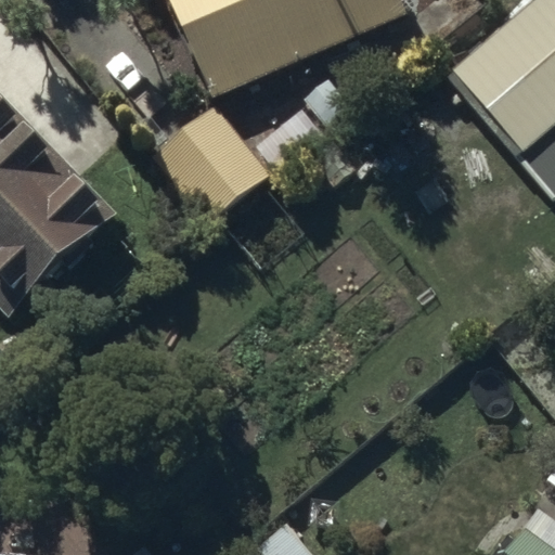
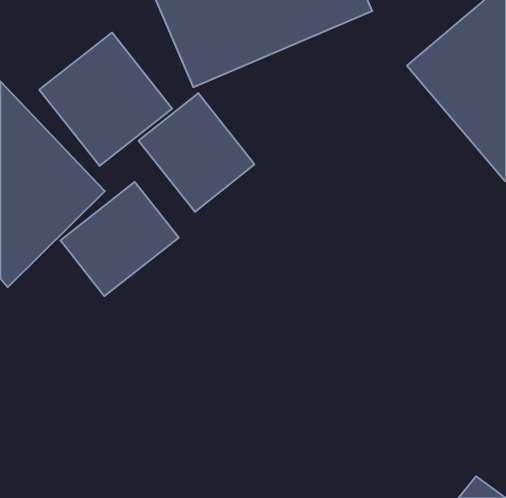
building: none -> [39,33,172,166]
building: none -> [60,182,179,296]

